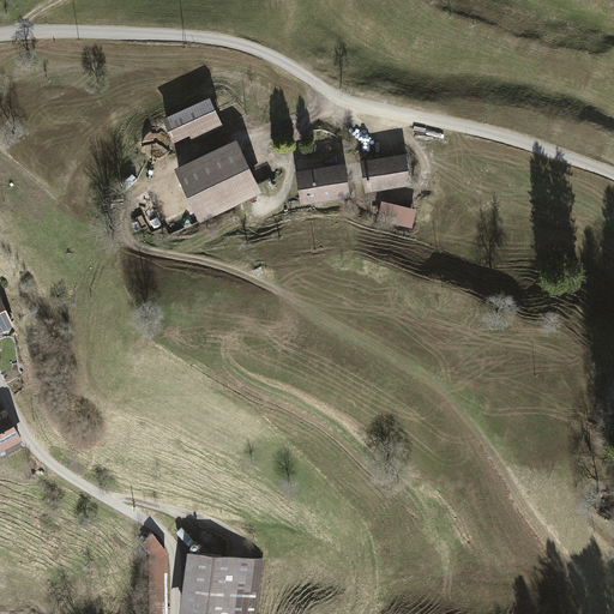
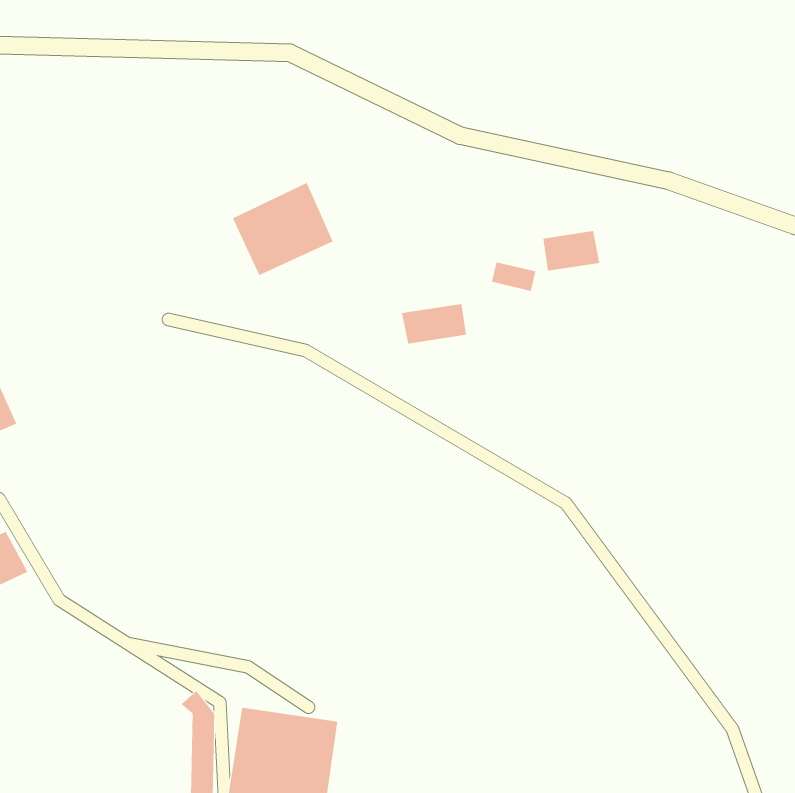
building: [163,100,222,142] -> none
building: [362,158,407,189] -> [542,231,600,271]
building: [296,169,347,200] -> [401,304,467,344]

